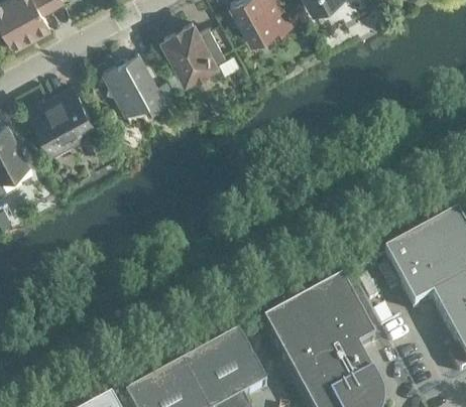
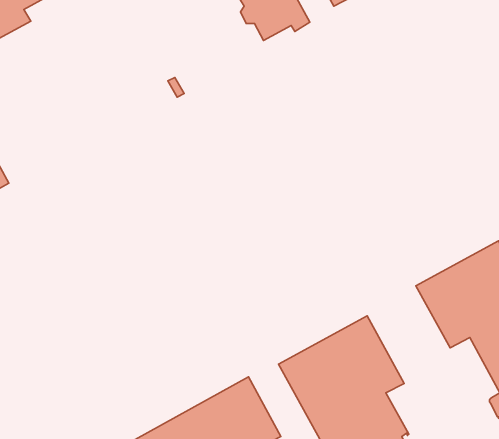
building: [160,18,226,83] -> none
building: [104,52,166,122] -> none
building: [32,89,103,157] -> none

